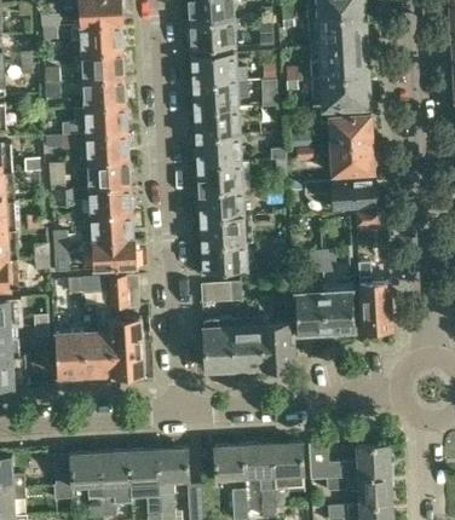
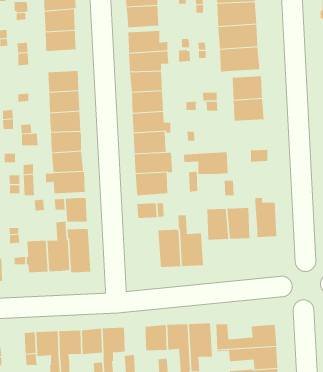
building: [83,79,127,109] -> none
building: [316,178,376,208] -> [183,152,228,174]
building: [205,319,236,370] -> none

